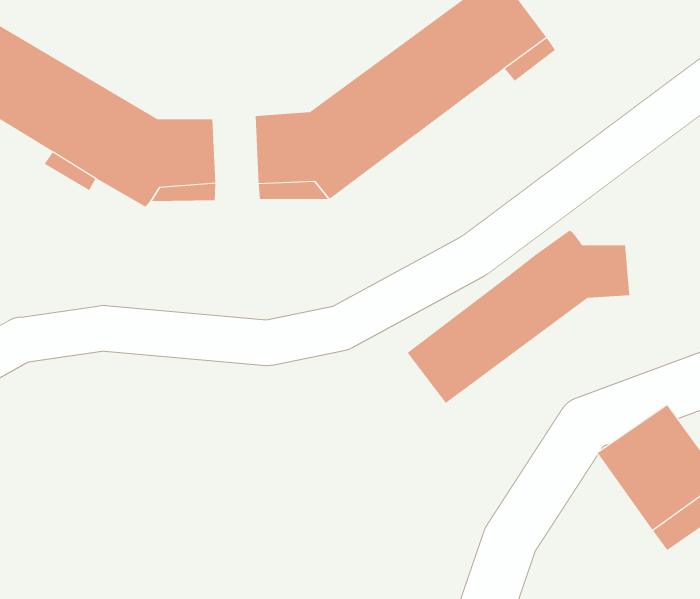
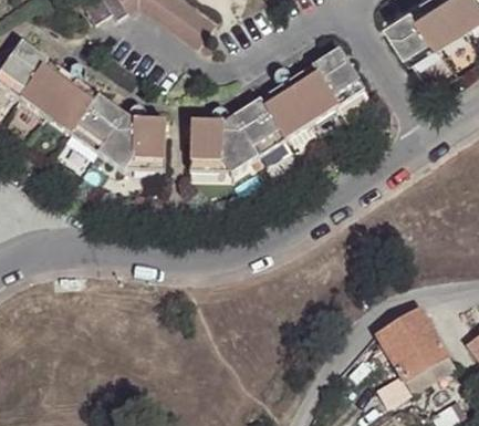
building: [407,229,630,404] -> none

